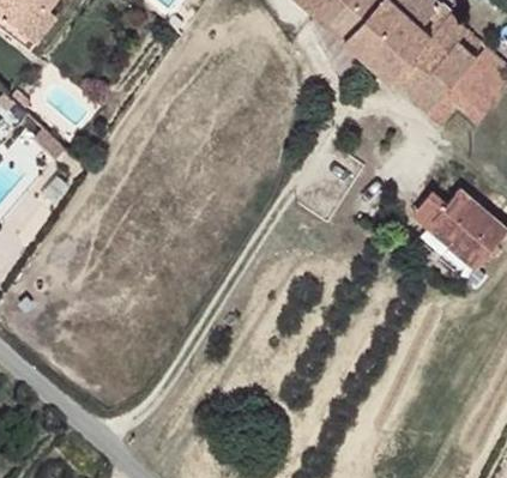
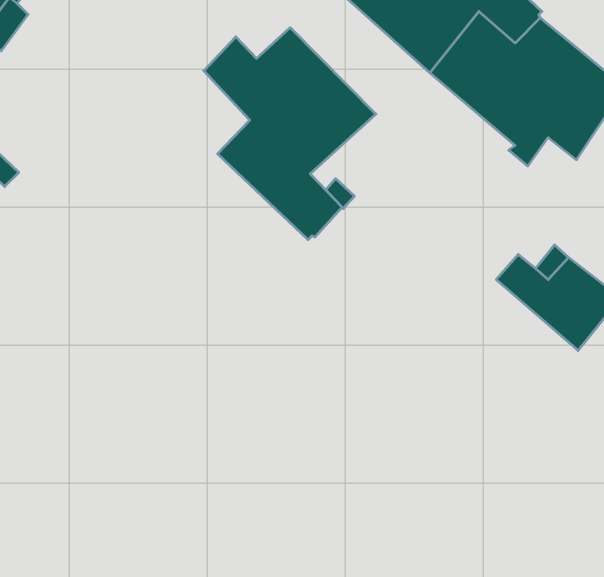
building: none -> [204,28,376,240]

